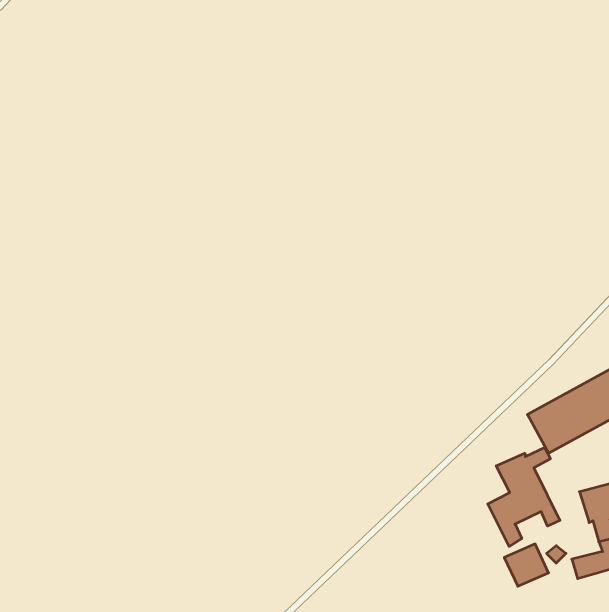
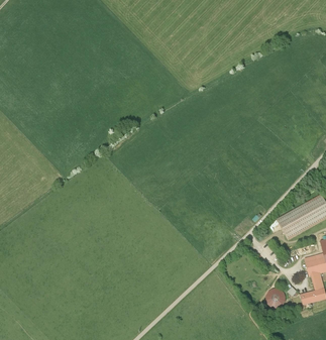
building: [488,448,560,546] -> none

